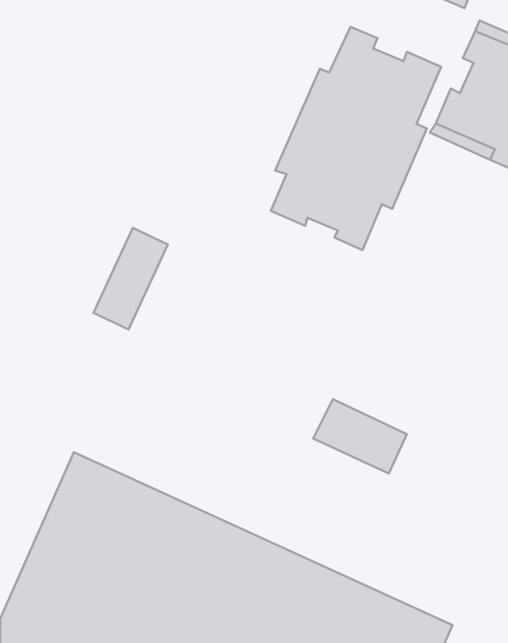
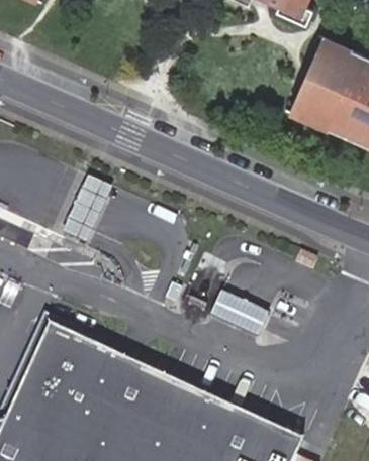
building: [271,27,441,250] -> none

